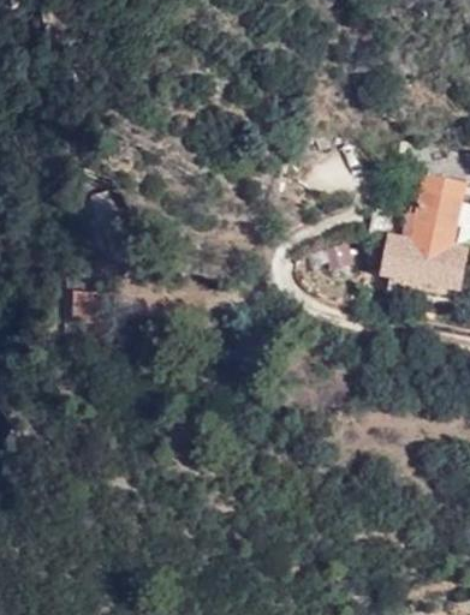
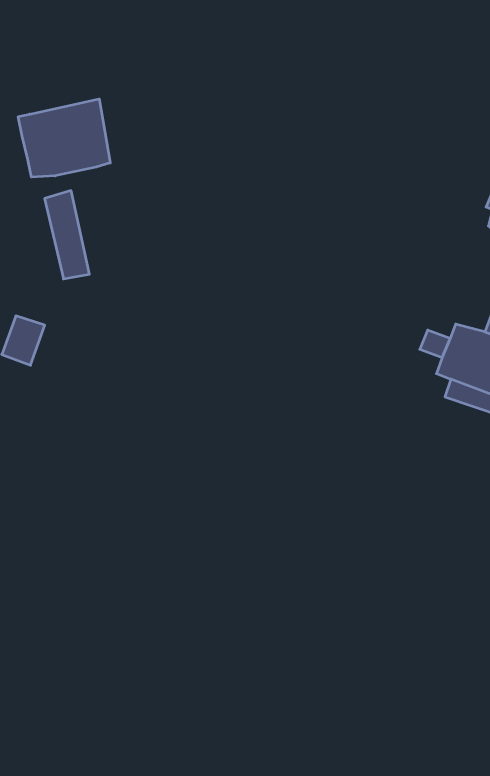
building: none -> [18,99,110,177]

